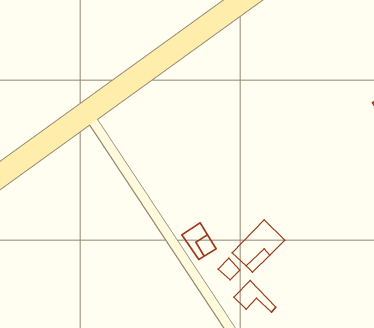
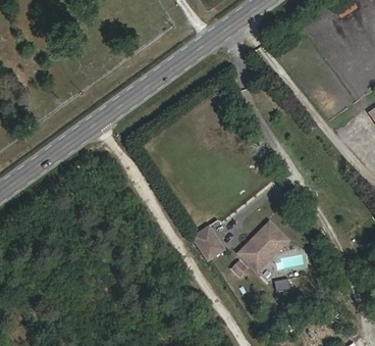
building: [234,280,276,312] -> none

